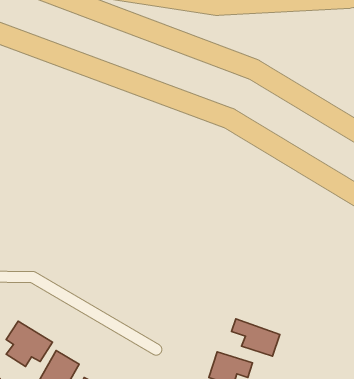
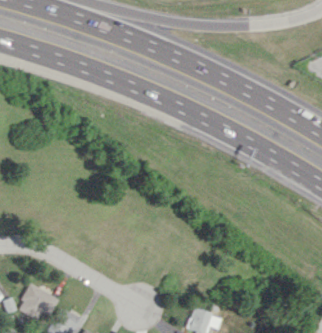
building: [232,319,280,356] -> none

